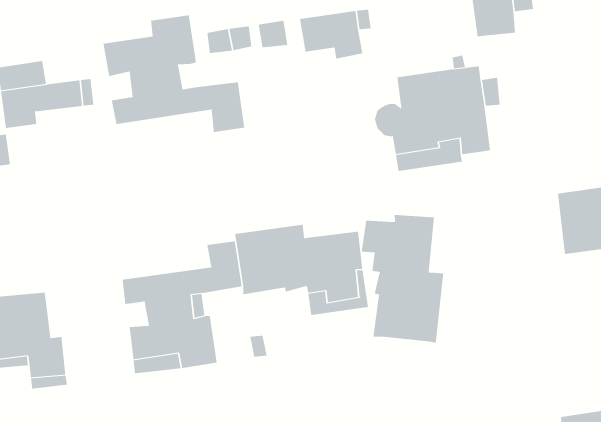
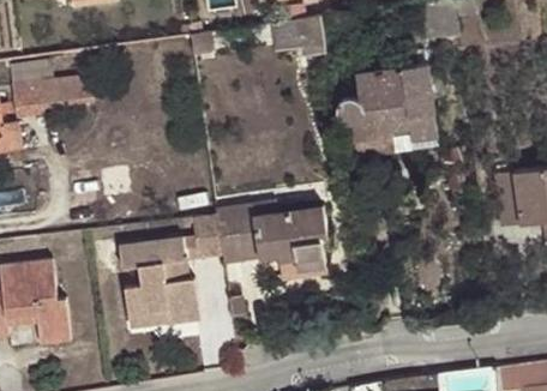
building: [103,15,245,133] -> none
building: [361,214,444,343] -> none

